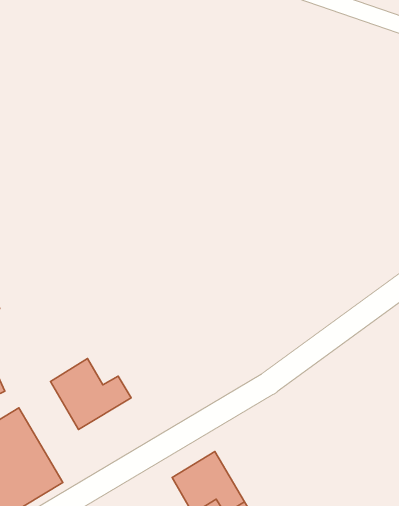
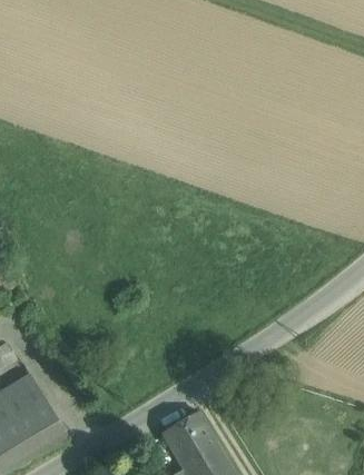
building: [50,358,131,430] -> none

